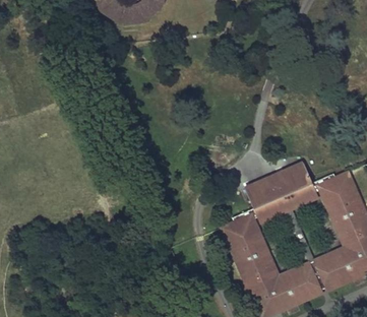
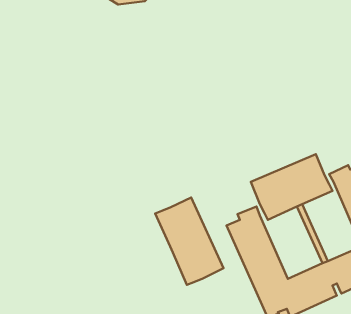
building: none -> [155,198,224,285]

